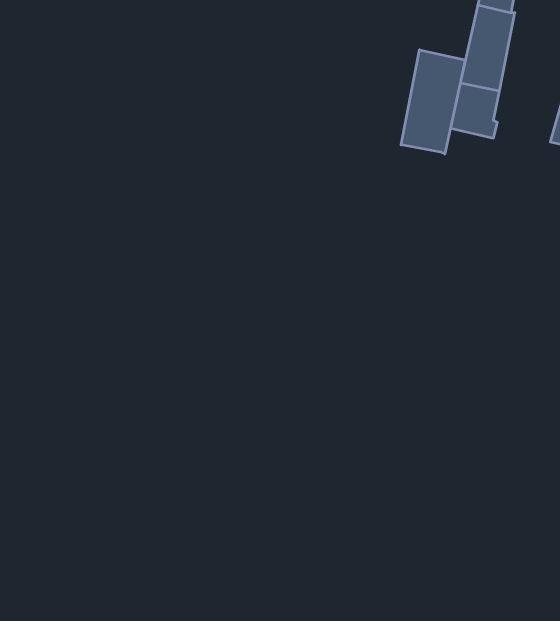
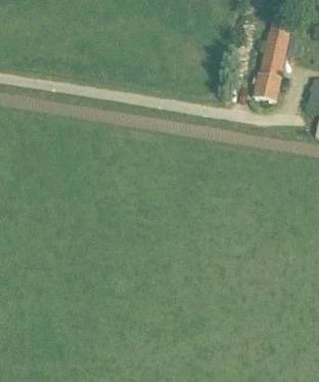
building: [401,50,465,154] -> none

